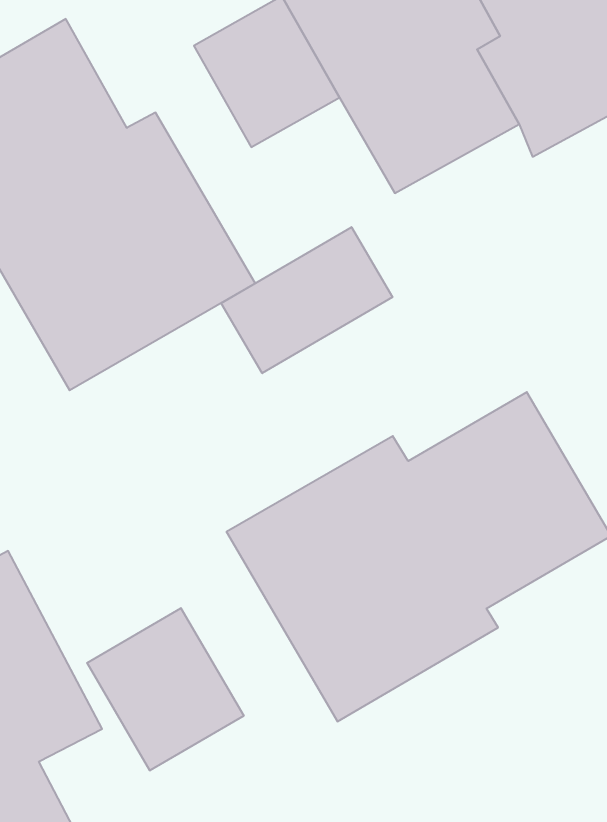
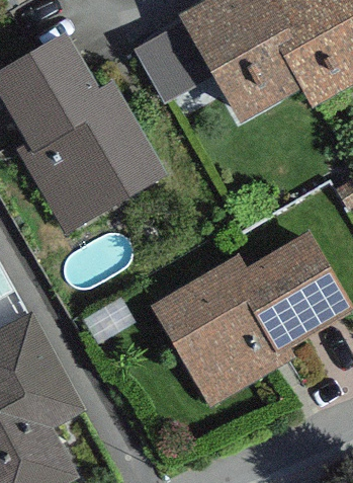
building: [221,227,392,373] -> none
building: [87,608,244,771] -> none

